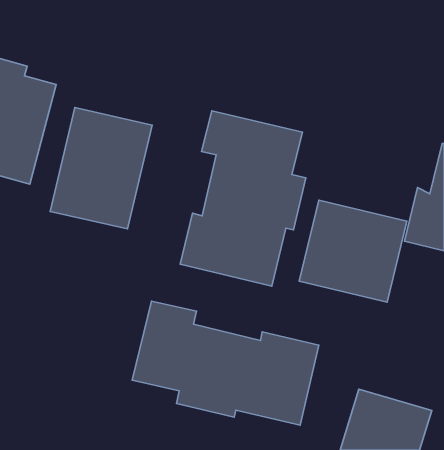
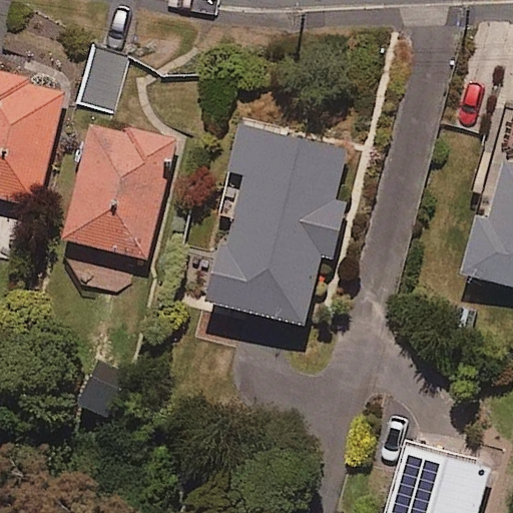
building: [299,200,407,302] -> none
building: [132,301,319,425] -> none

